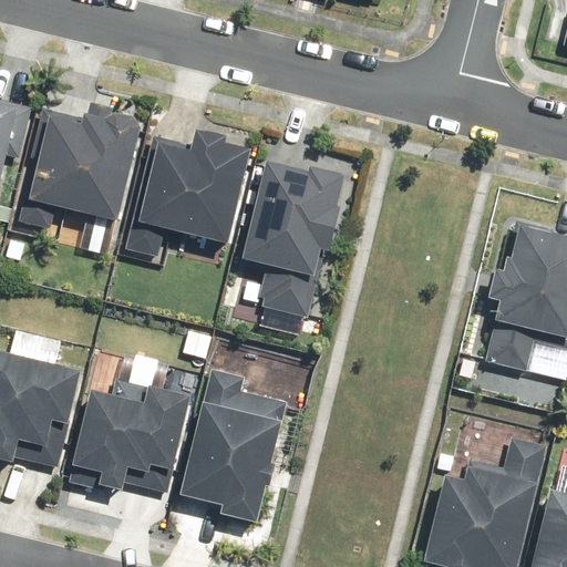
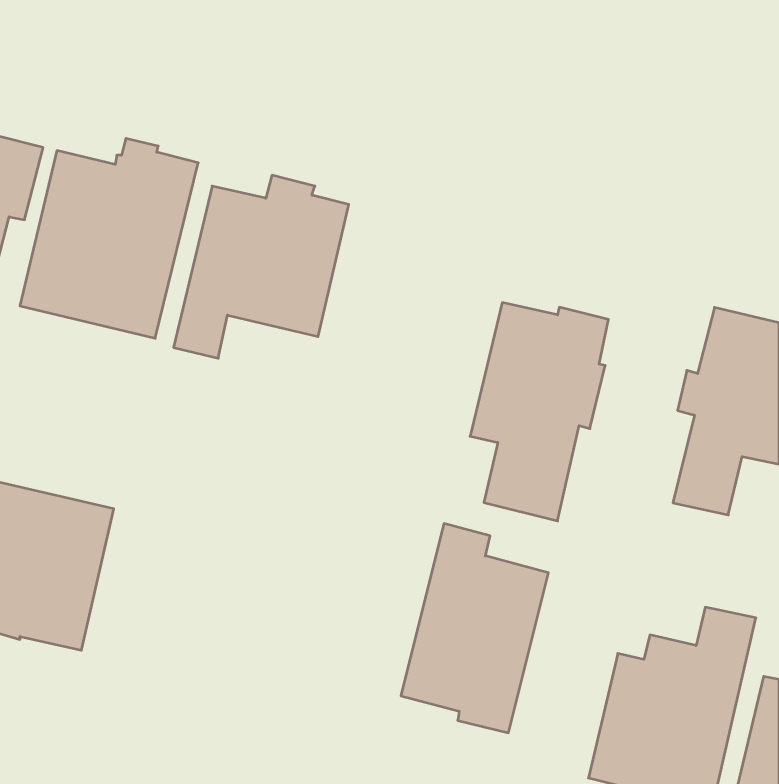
building: [245,162,344,319] -> [470,303,608,521]
building: [178,370,285,520] -> [401,524,548,733]
building: [74,380,190,489] -> none

